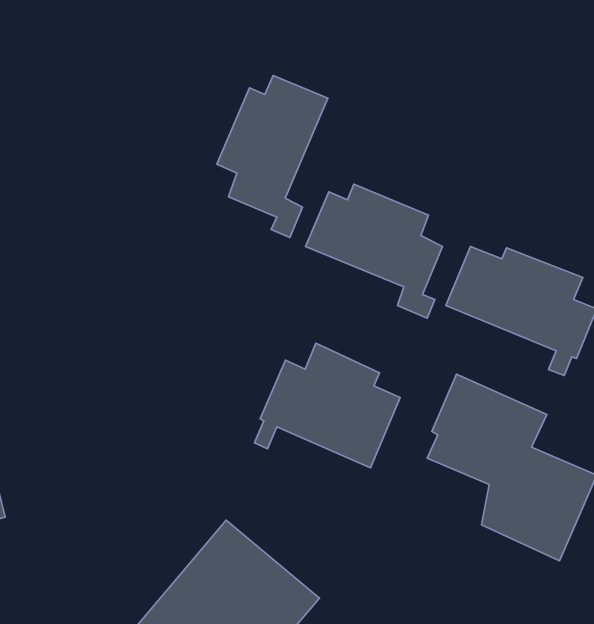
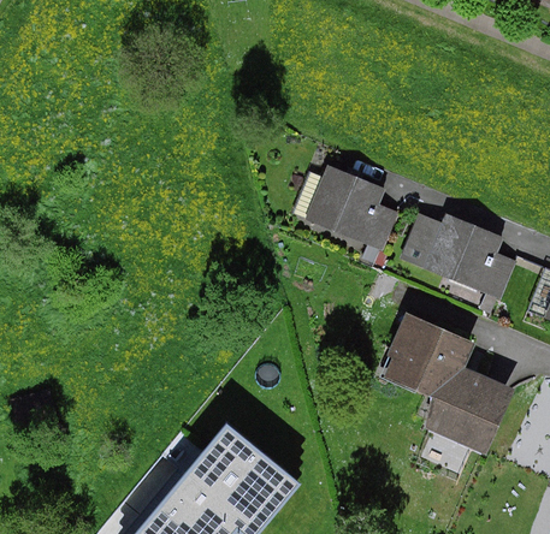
building: [217,75,328,238] -> none
building: [254,343,400,468] -> none

